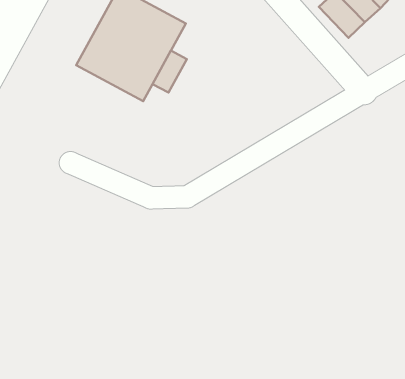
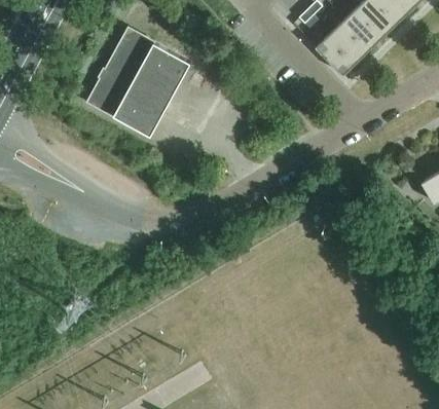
building: [153,51,187,93] -> none

